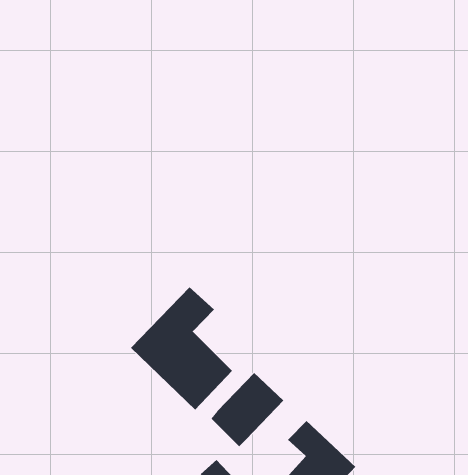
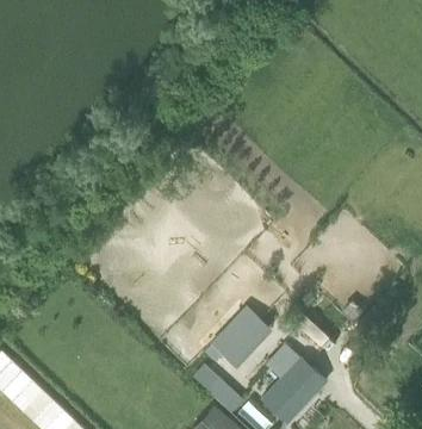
building: [130,286,233,410] -> none

